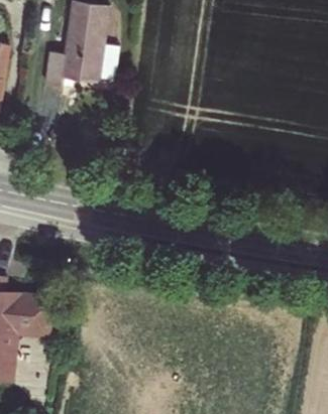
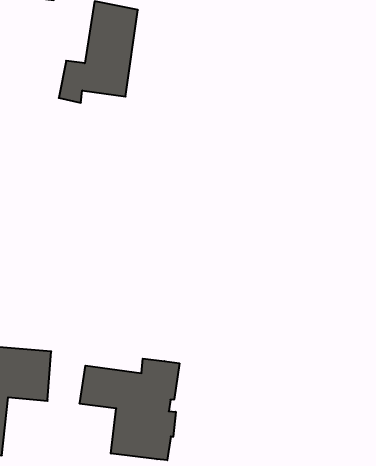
building: none -> [80,359,179,460]

